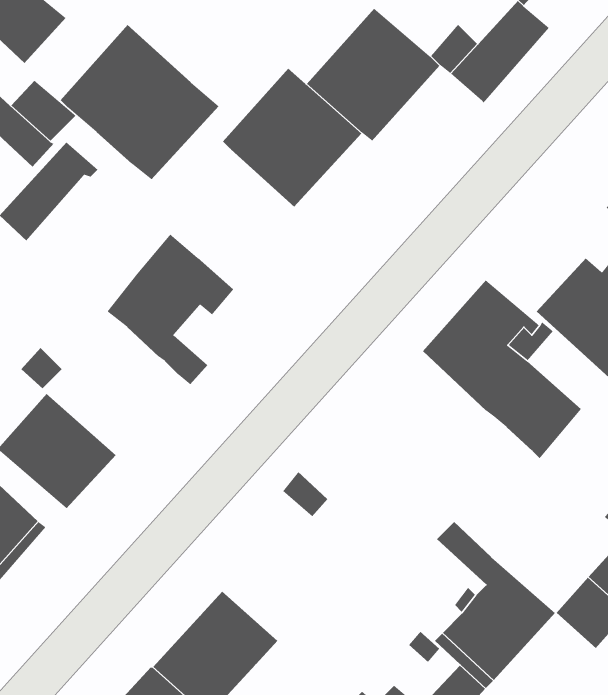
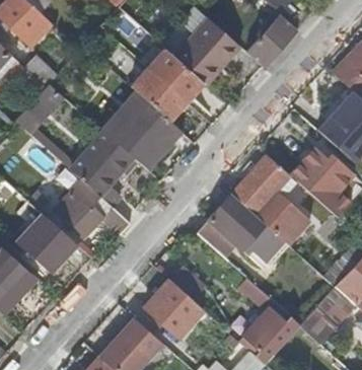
building: [60,24,220,180] -> [99,90,180,169]
building: none -> [53,180,129,238]
building: none -> [196,193,287,267]
building: none -> [143,278,202,336]

